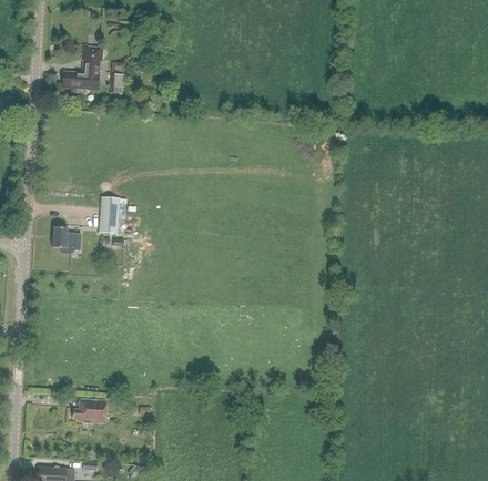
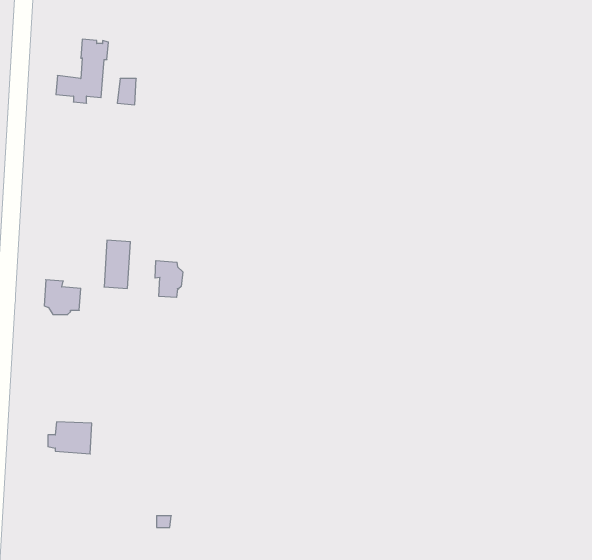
building: none -> [155,261,183,297]
building: [72,399,105,423] -> [48,422,92,454]

